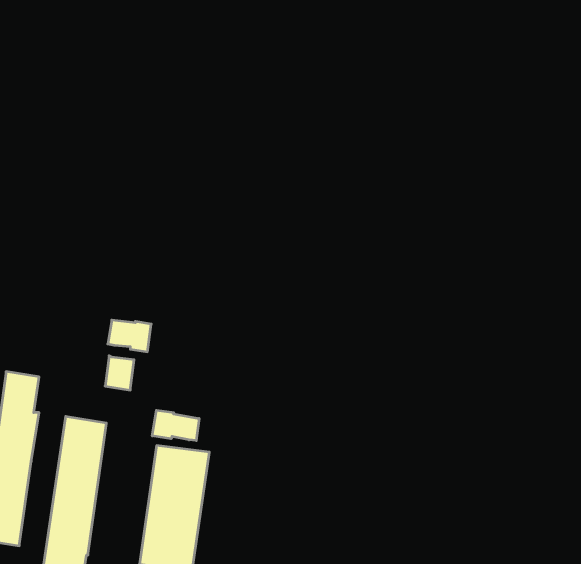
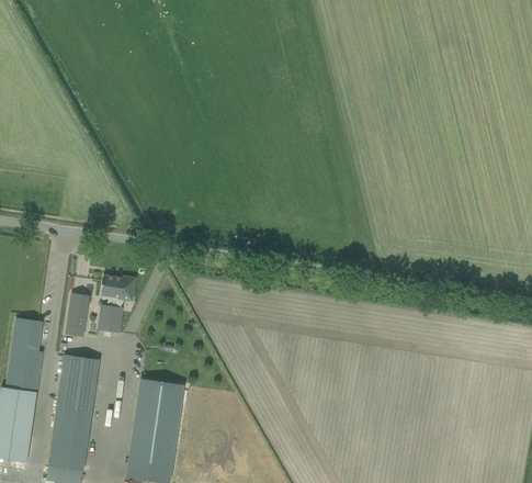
building: none -> [66,305,86,336]
building: [152,410,199,441] -> none

